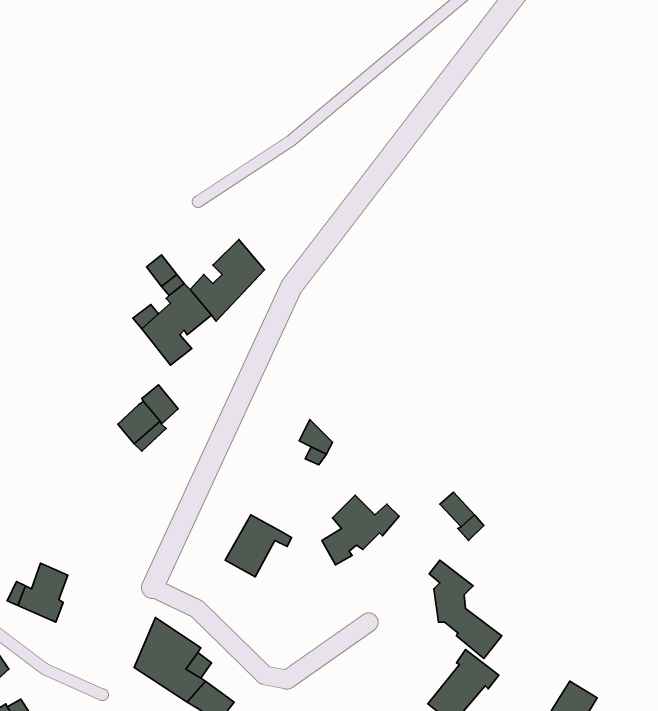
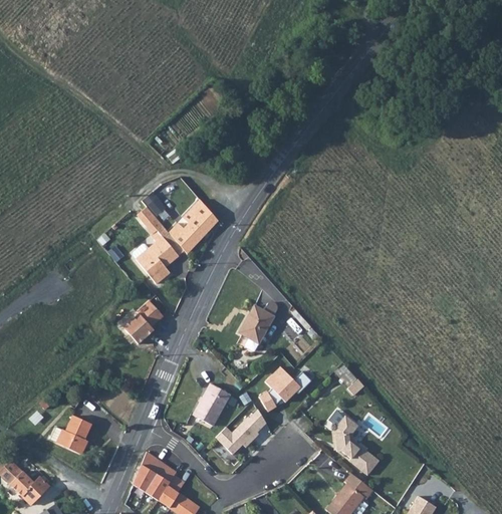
building: none -> [249,298,277,334]
building: none -> [213,412,265,458]

